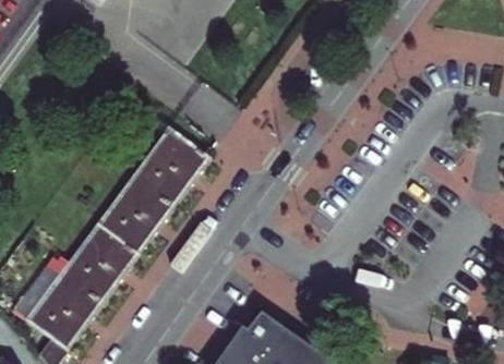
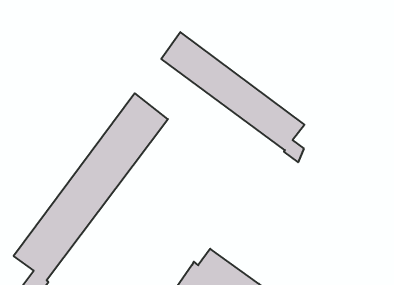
building: none -> [161,32,304,162]

